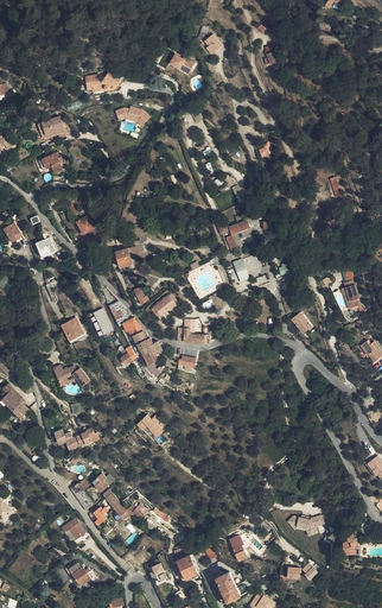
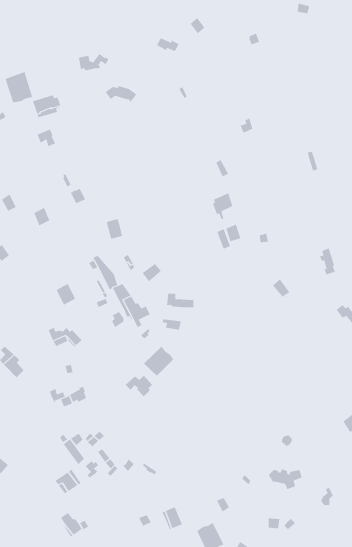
building: none -> [5,71,33,103]
building: none -> [143,346,174,376]

